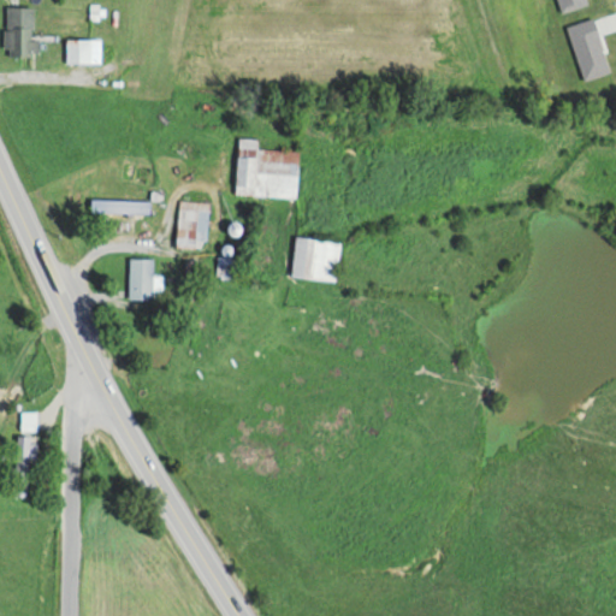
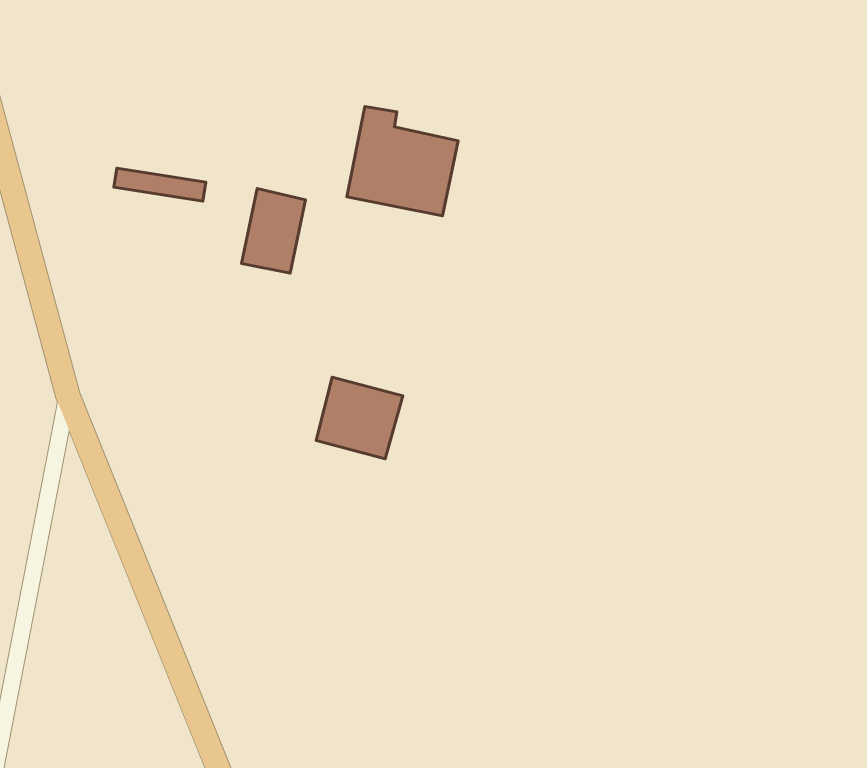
building: [292,238,342,284] -> [316,377,403,459]
building: [130,260,160,302] -> none

